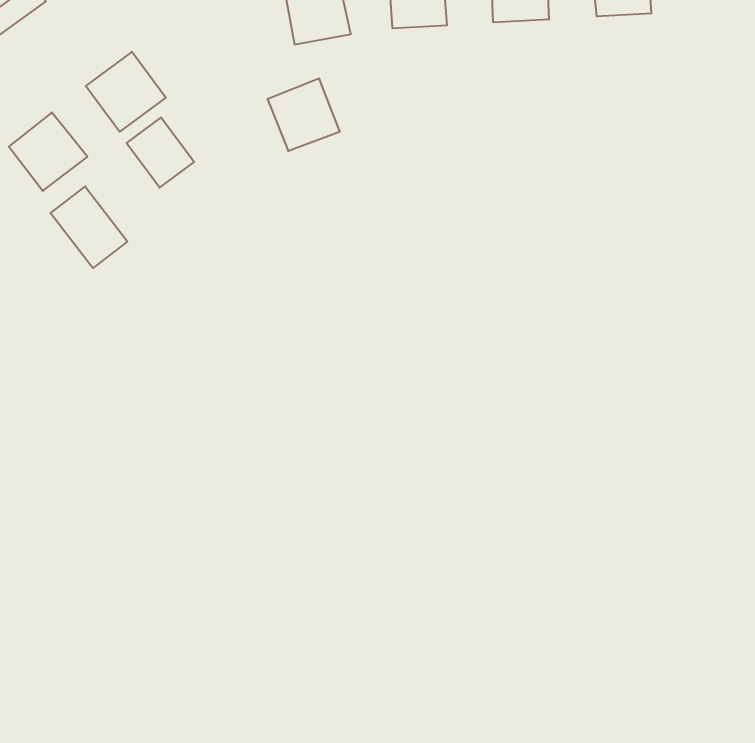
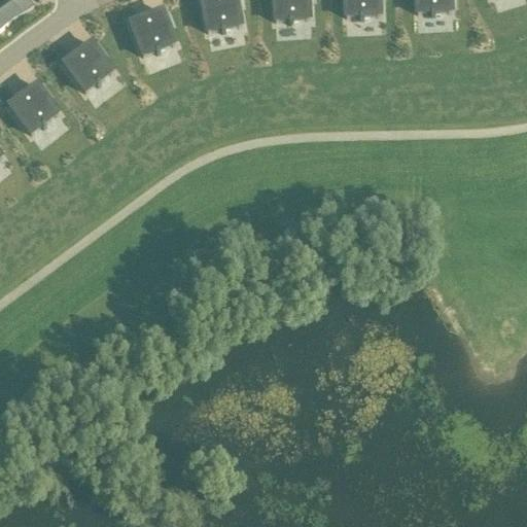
building: [267,78,340,151] -> [127,4,177,55]
building: [127,117,194,188] -> none
building: [50,186,127,268] -> none

